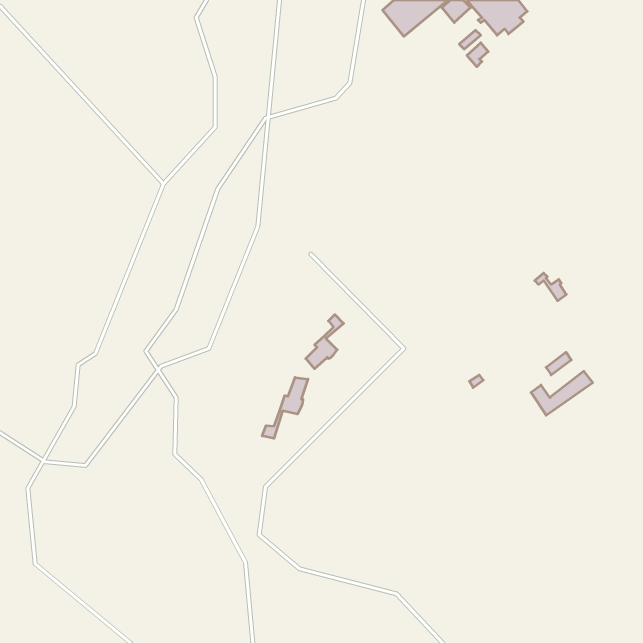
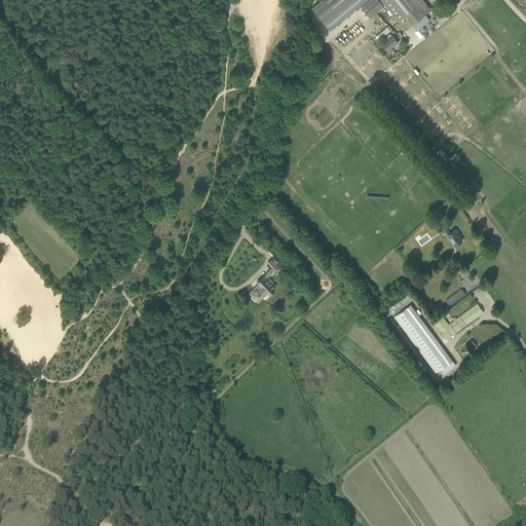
building: none -> [394,304,456,374]
building: [262,377,308,438] -> none

